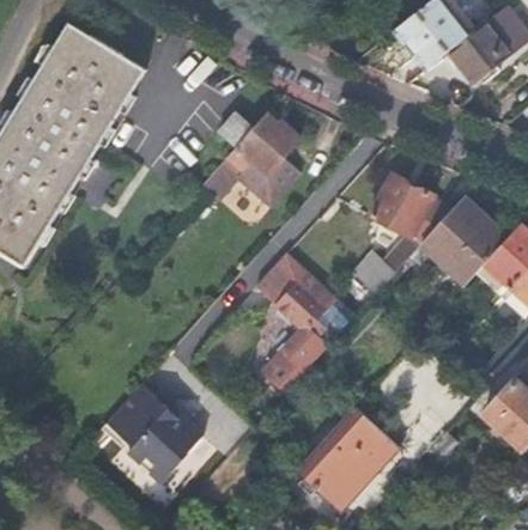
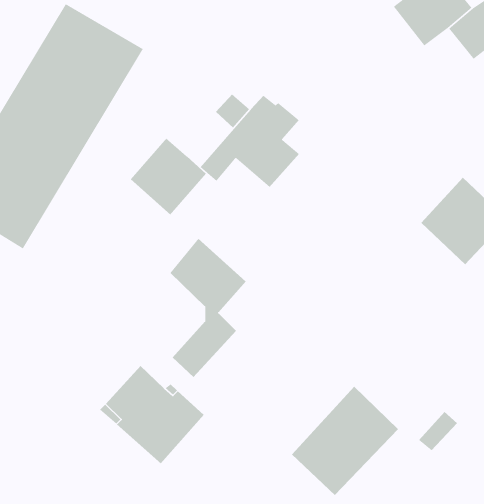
building: none -> [130,138,207,216]
building: [351,175,433,290] -> none
building: [259,255,335,394] -> [169,238,247,378]

